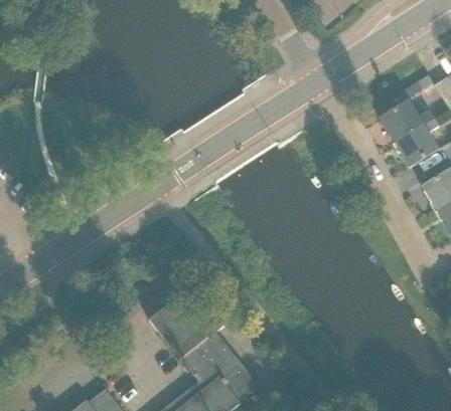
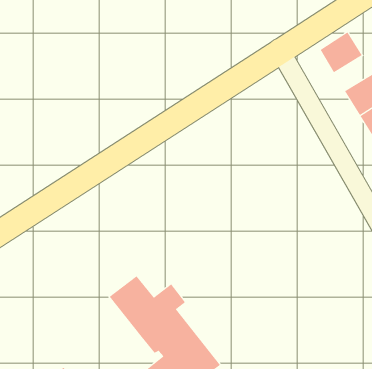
building: none -> [320,32,363,73]

